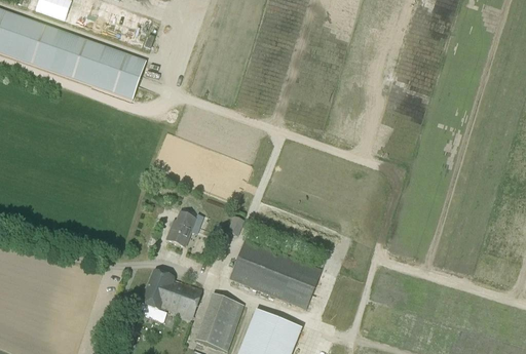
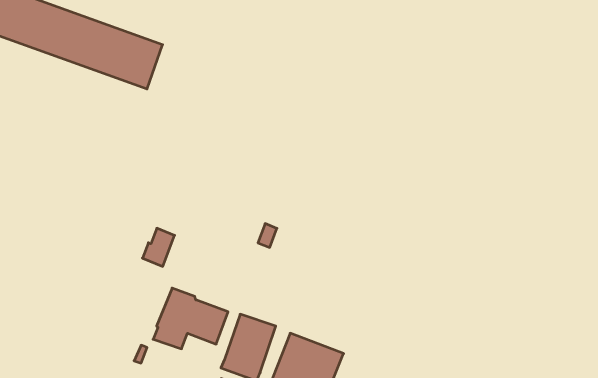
building: [166,212,194,245] -> [142,228,175,266]
building: [229,238,322,308] -> none

